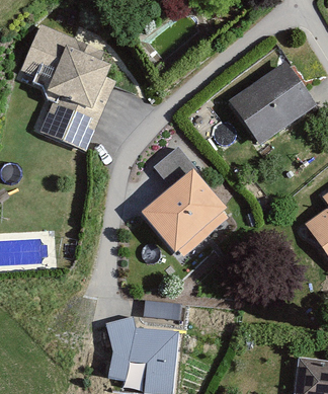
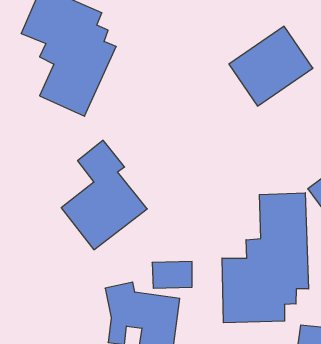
building: [139,145,224,253] -> [61,140,147,250]
building: none -> [222,193,309,323]

